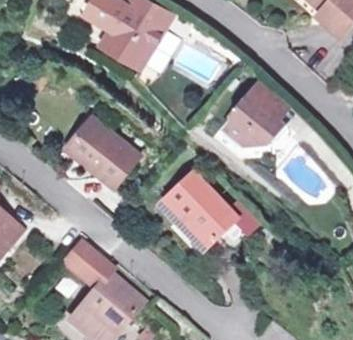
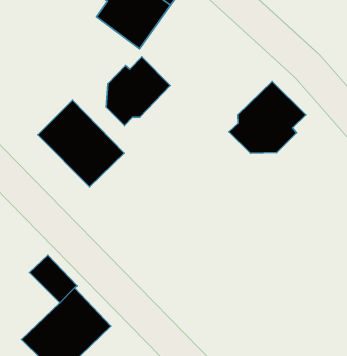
building: none -> [106,57,170,125]
building: [166,175,239,247] -> none

